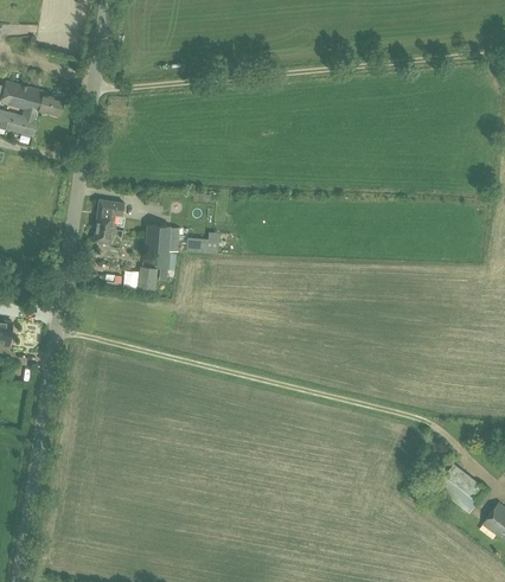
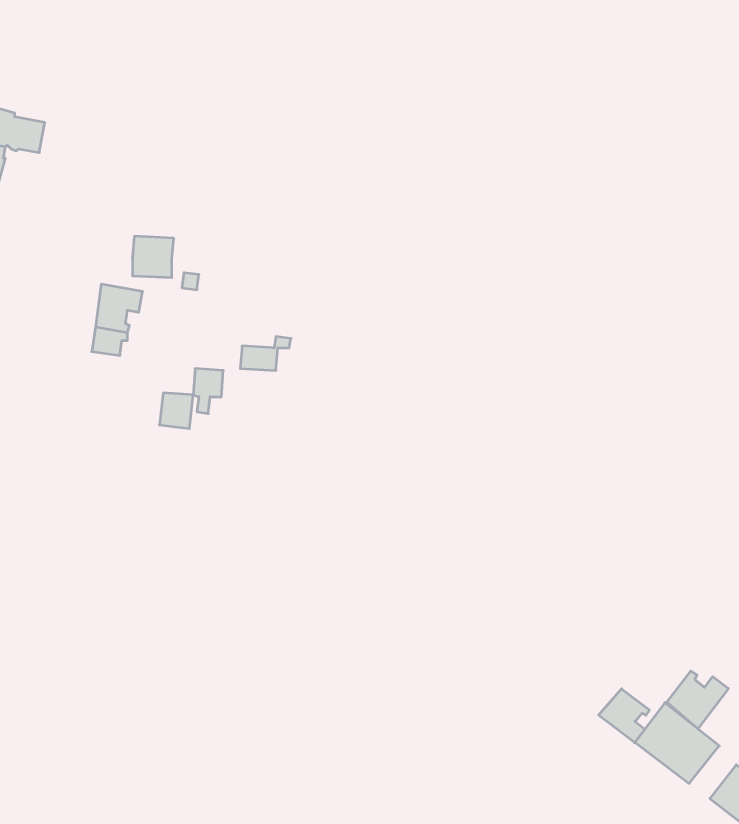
building: [145,224,171,250] -> [132,236,174,278]
building: none -> [667,671,728,729]
building: none -> [599,689,649,743]

